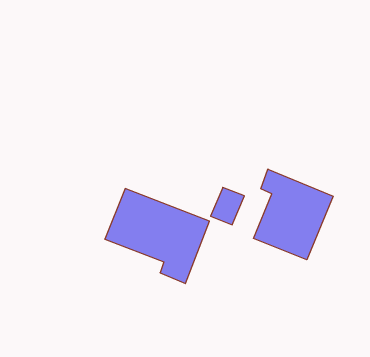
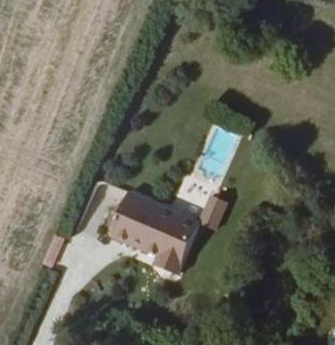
building: [253,169,333,260] -> none

